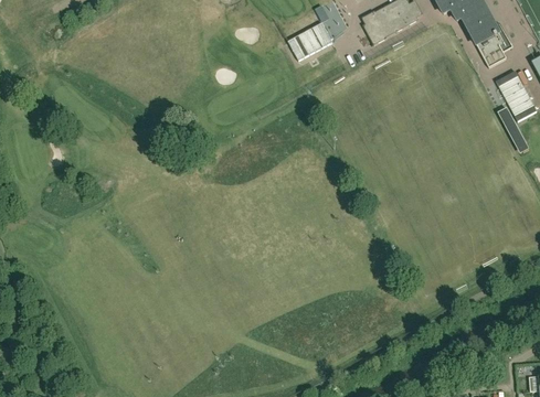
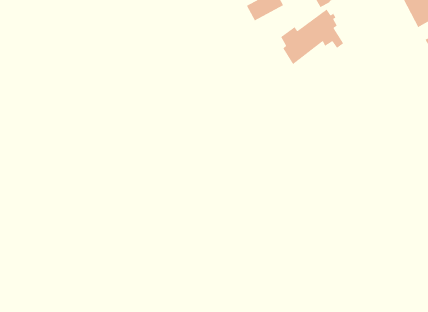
building: none -> [280,9,344,65]

